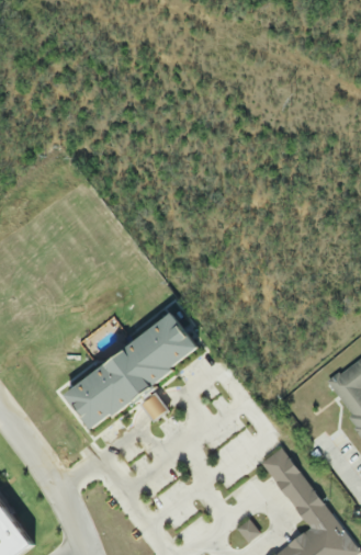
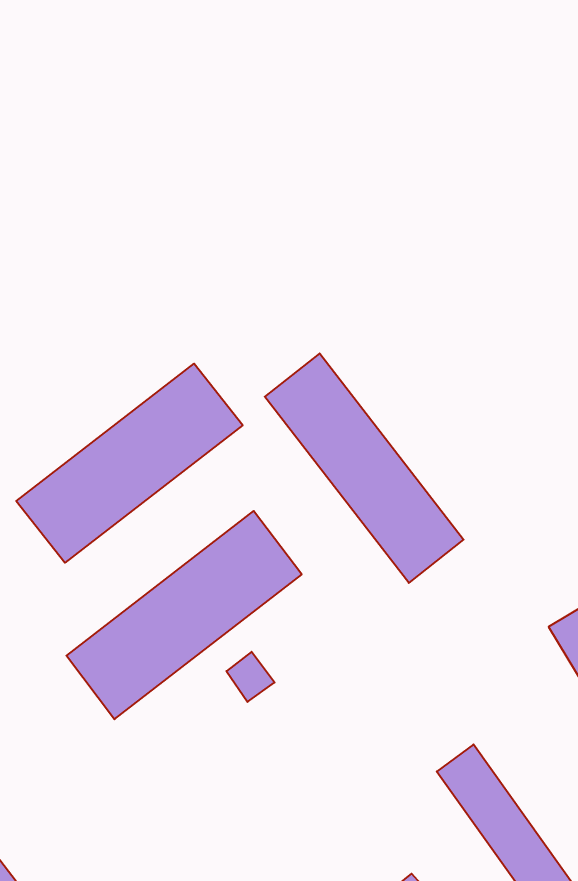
building: none -> [265,353,464,583]
building: none -> [16,364,243,563]

